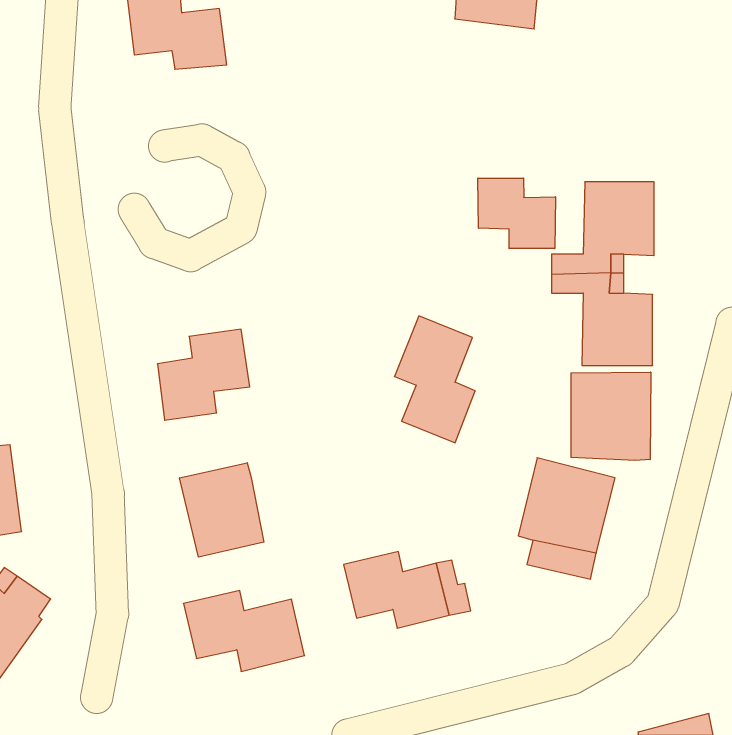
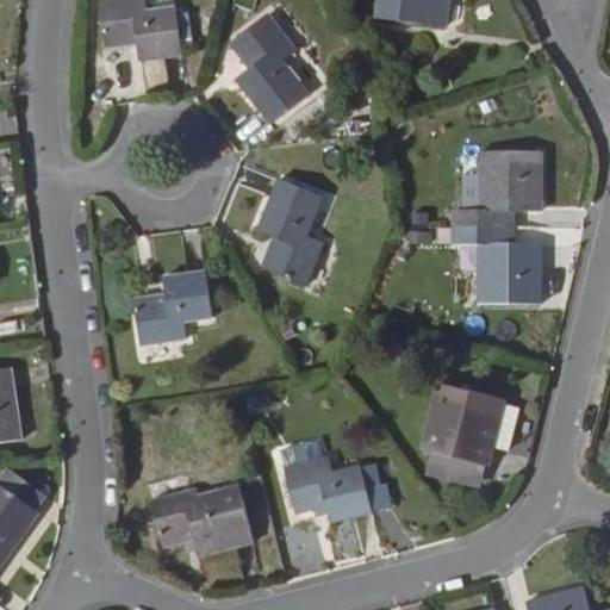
building: none -> [231,14,306,123]
building: [478,178,555,249] -> none
building: [394,316,475,443] -> [254,182,320,287]
building: [571,372,651,460] -> none
building: [180,463,264,557] -> none

